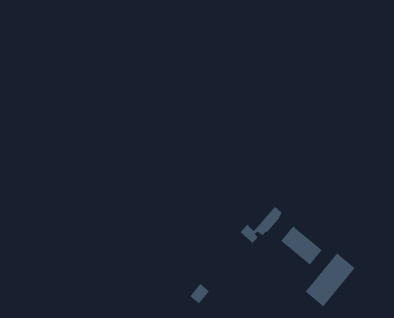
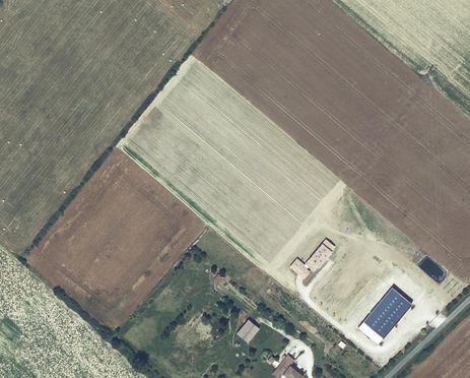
building: [281,226,323,266] -> none

